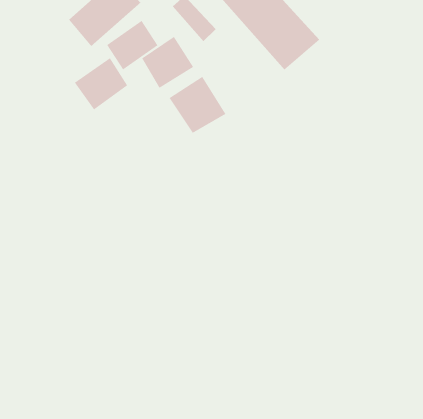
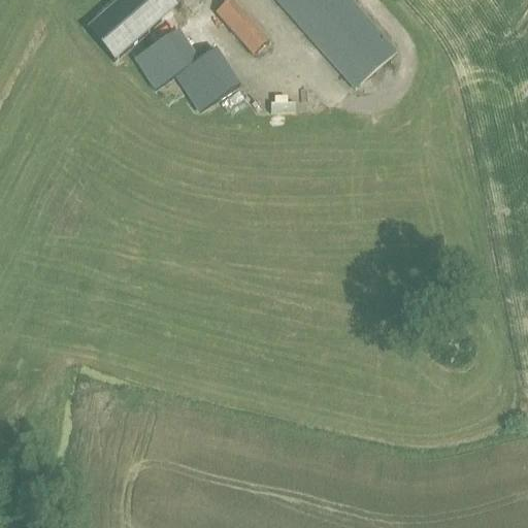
building: [74,57,128,110] -> none
building: [169,76,226,134] -> none

